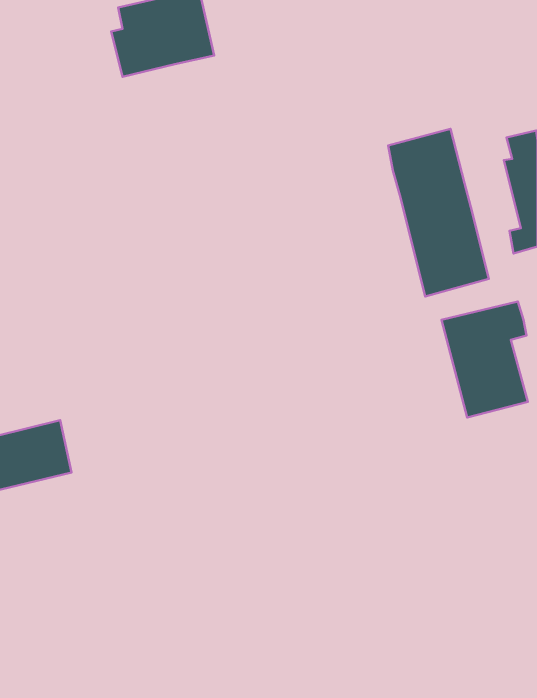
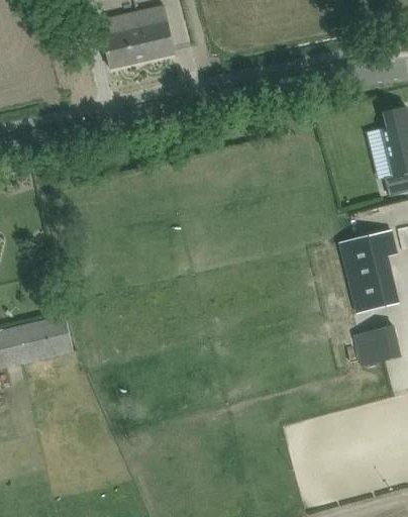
building: [388,129,489,296] -> none
building: none -> [353,324,400,366]

